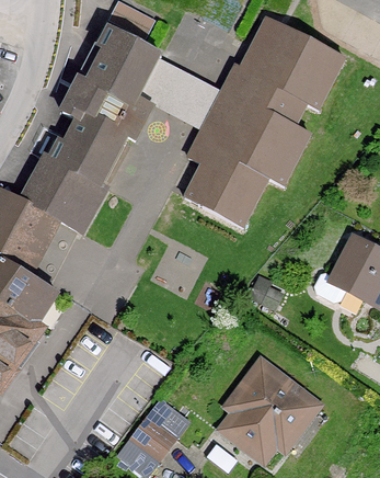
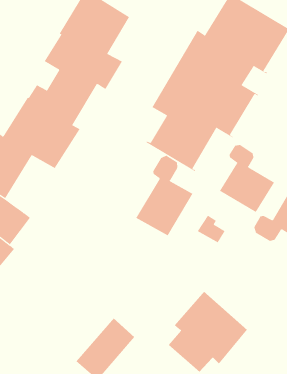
building: none -> [219,144,275,213]
building: none -> [136,155,193,236]

